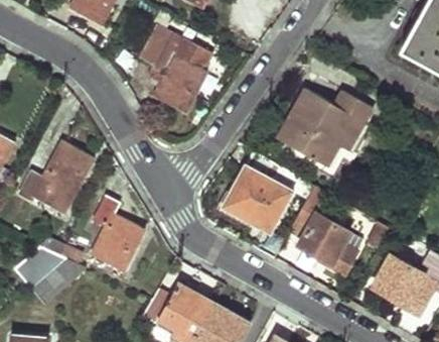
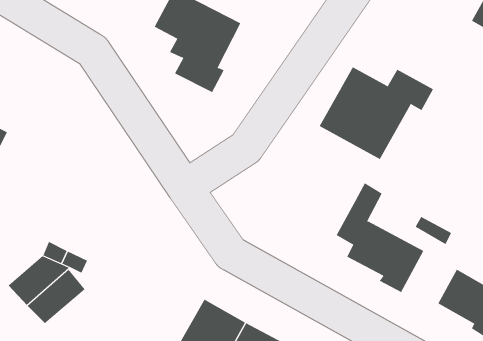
building: [19,140,95,212] -> none
building: [223,152,314,226] -> none
building: [91,193,141,270] -> none

